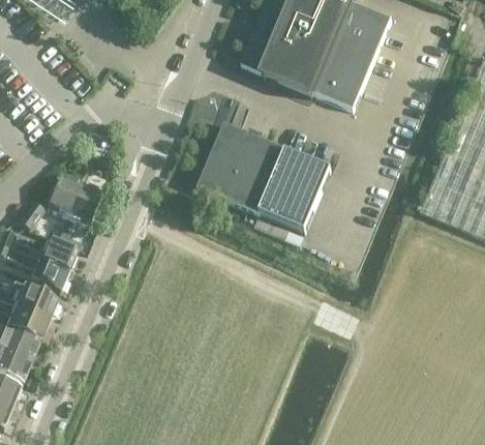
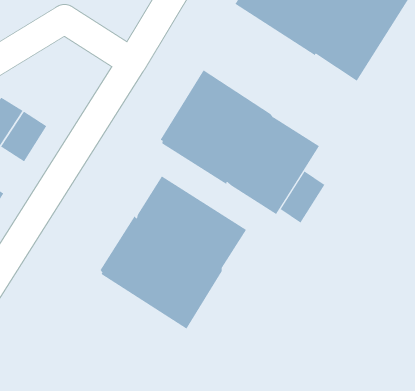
building: none -> [280,171,325,224]
building: none -> [100,175,247,330]

